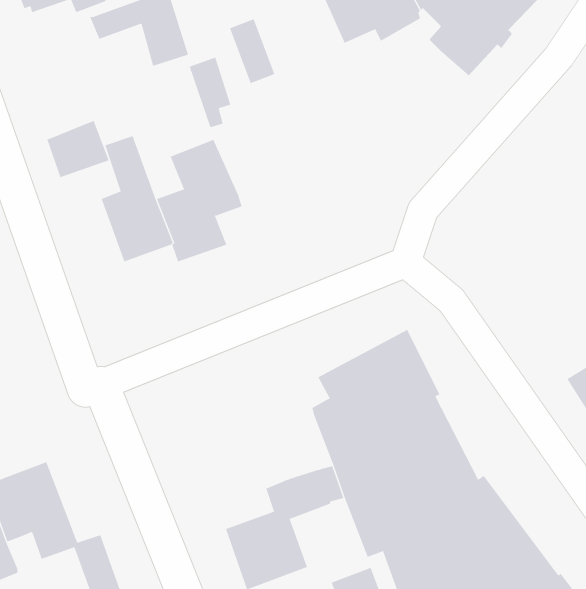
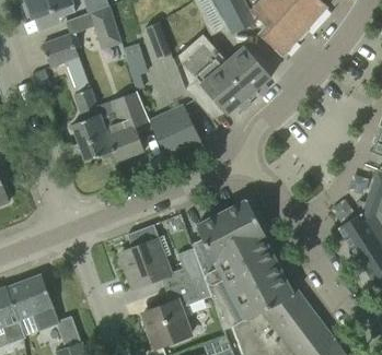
building: none -> [174,33,270,119]
building: [46,120,110,178] -> [43,34,79,67]
building: none -> [151,99,201,156]
building: none -> [120,224,205,289]

